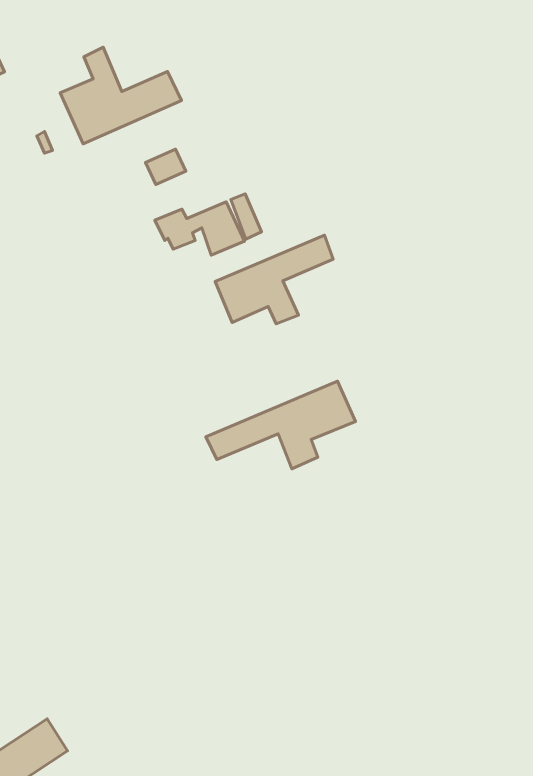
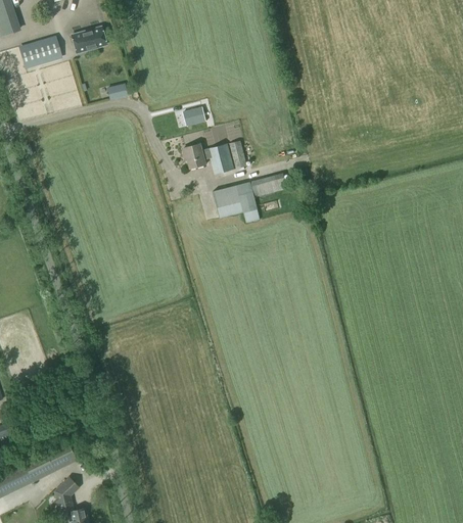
building: [60,47,181,144] -> none
building: [206,381,355,469] -> none

